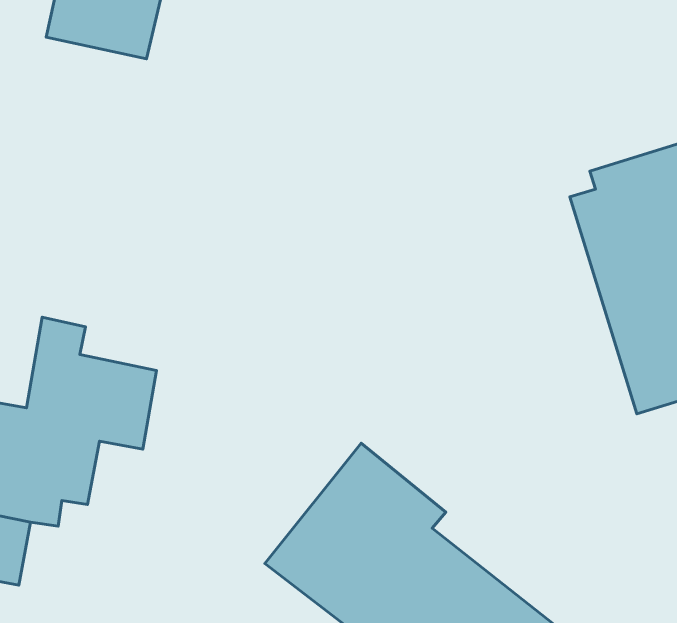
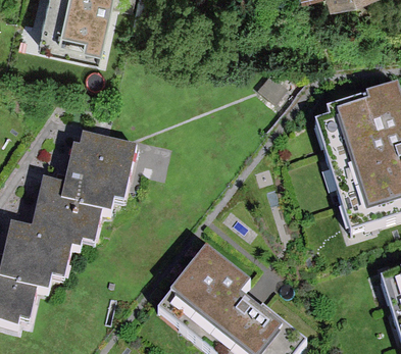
building: none -> [60,139,134,211]

